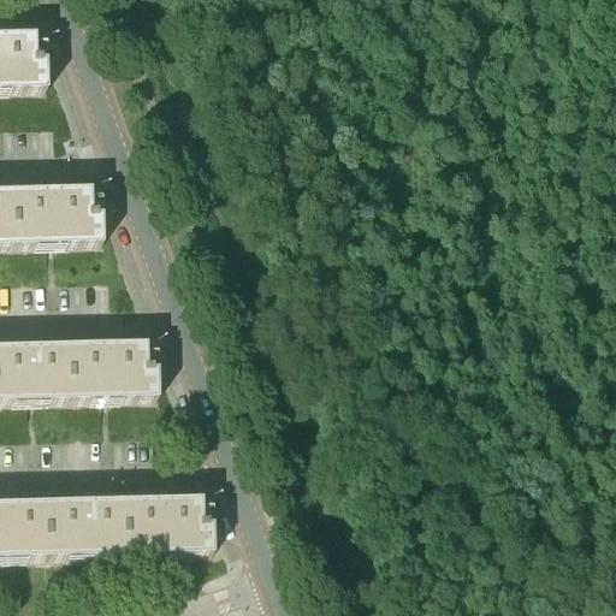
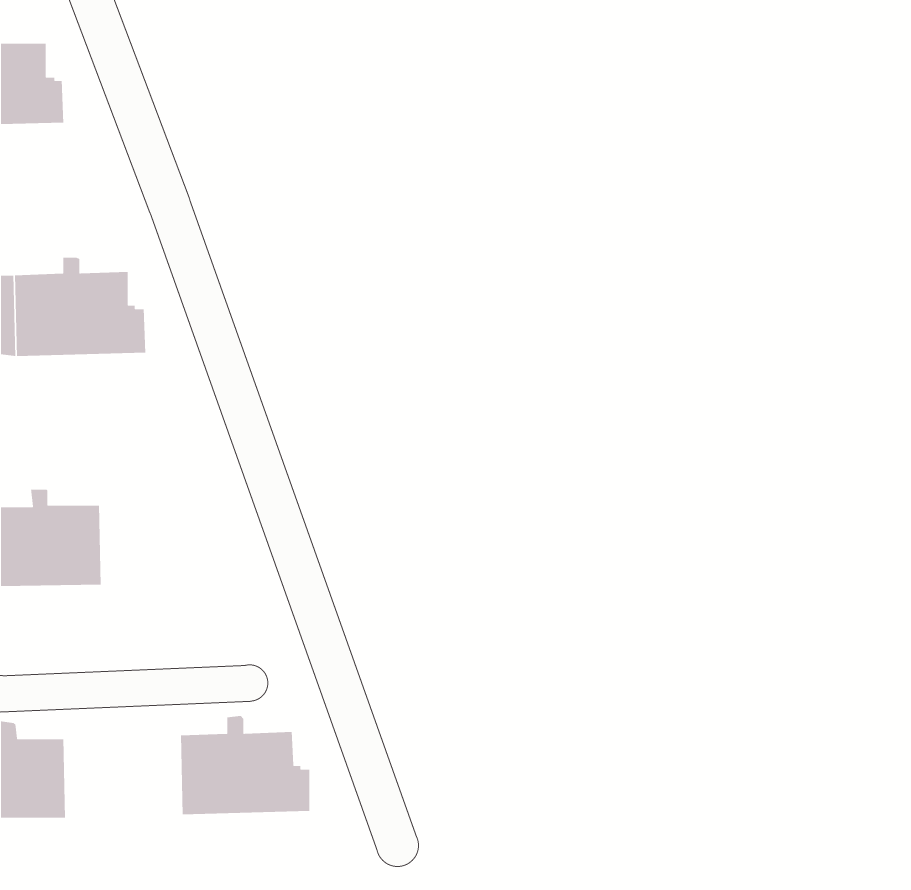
building: [67,327,154,395] -> none
building: [43,485,123,552] -> none

